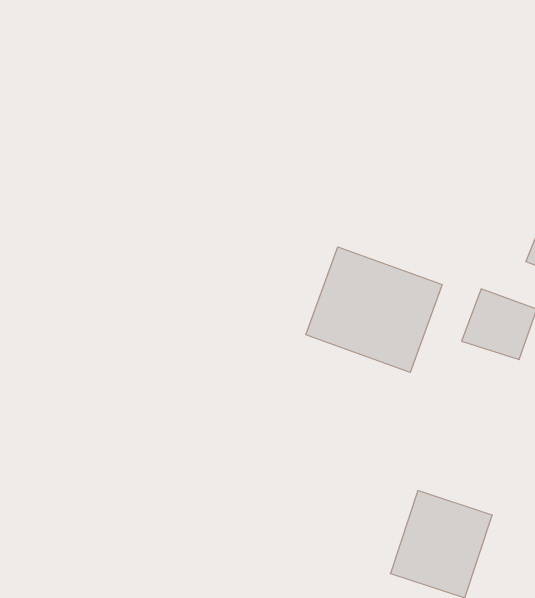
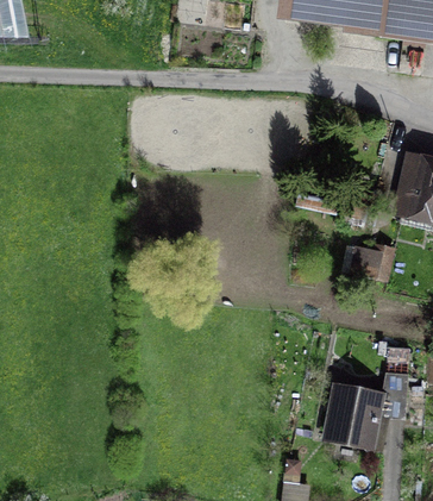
building: [306,247,442,372] -> none

